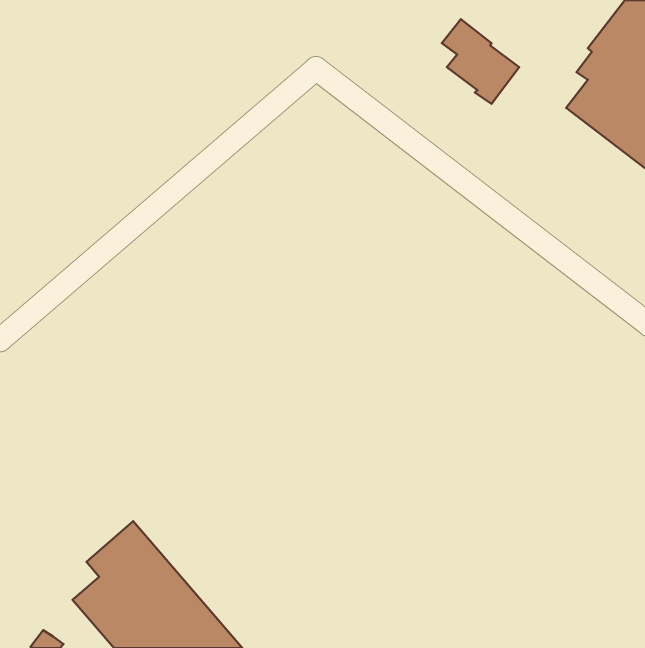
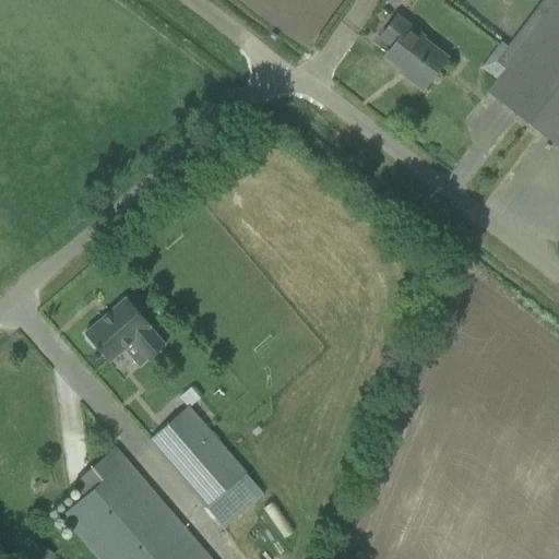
building: none -> [87,298,168,362]
building: none -> [152,388,266,530]

